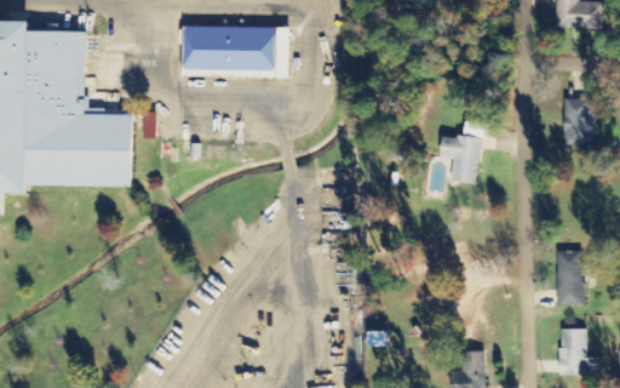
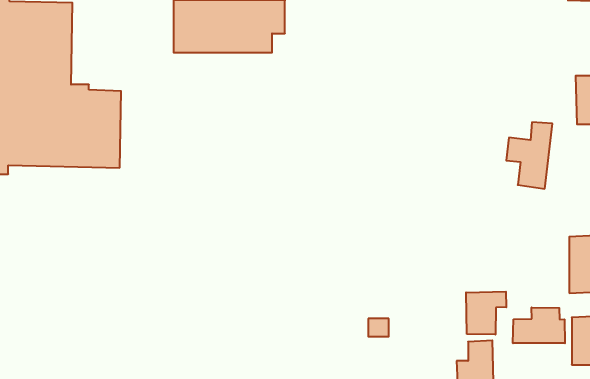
building: [440,121,483,184] -> [506,122,552,189]
building: none -> [466,292,506,335]
building: none -> [513,307,565,343]

